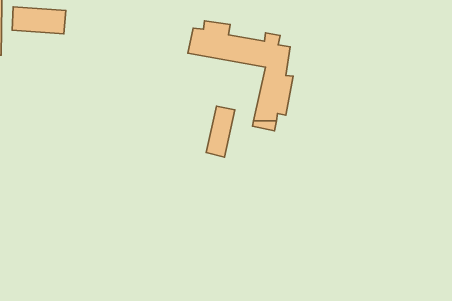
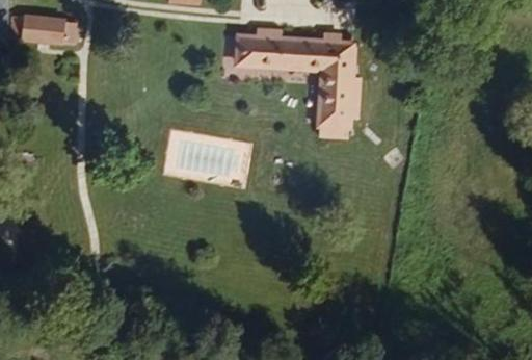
building: [206,106,235,157] -> none

